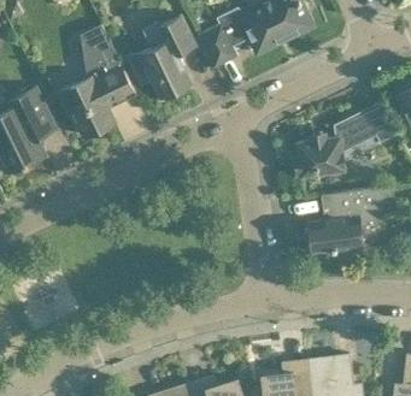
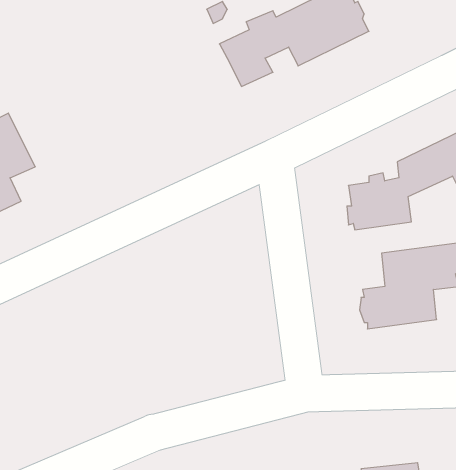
building: [125,16,196,100] -> none
building: [58,24,136,137] -> none

